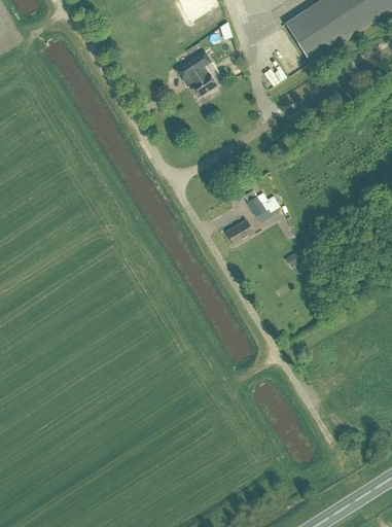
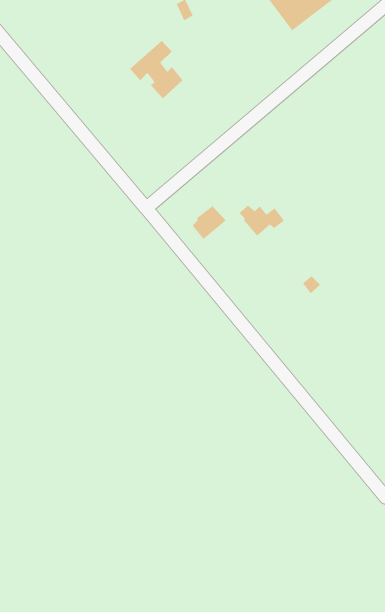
building: [227,219,255,245] -> [192,205,226,240]

